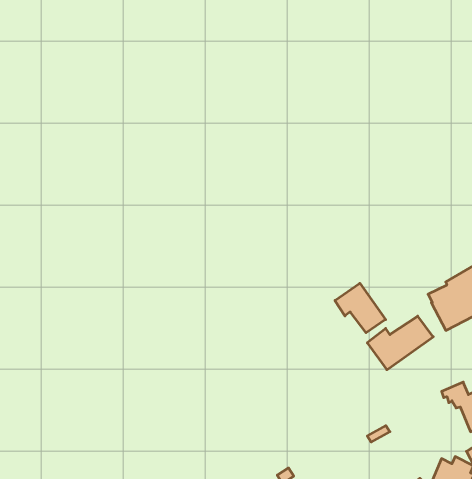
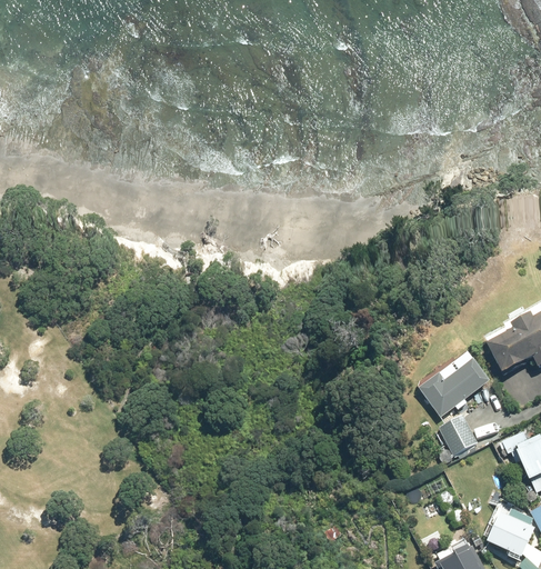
building: [335,283,386,333] -> none
building: none -> [439,413,478,453]

